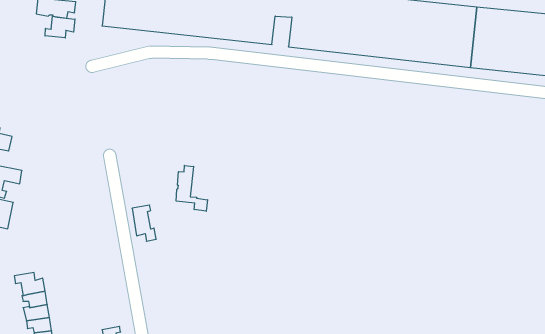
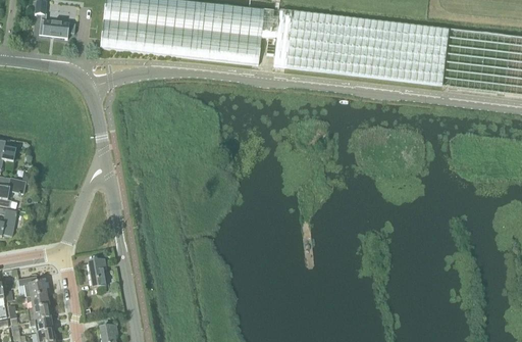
building: [45,16,75,38] -> none
building: [176,165,208,211] -> none
building: [132,205,156,241] -> [88,259,110,293]

